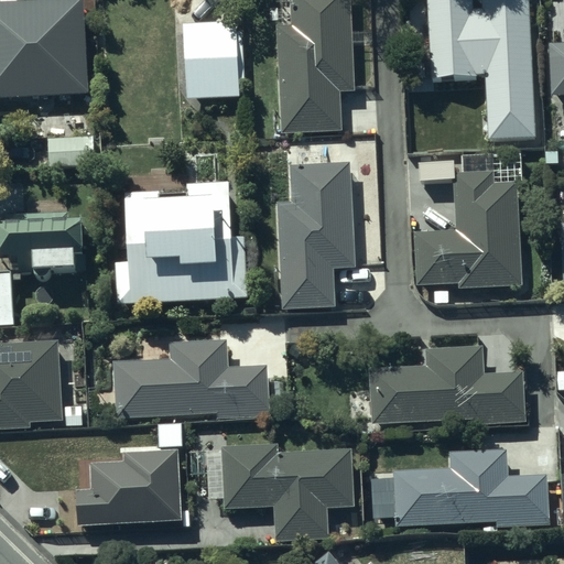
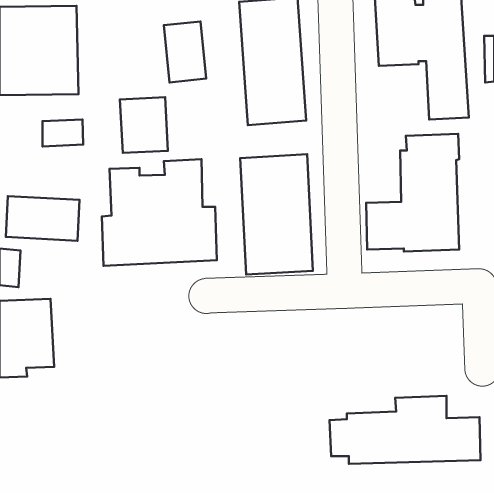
building: none -> [120,97,168,153]
building: [115,339,267,417] -> none
building: [368,345,525,424] -> none
building: [209,443,354,540] -> none
building: [77,449,180,523] -> none

